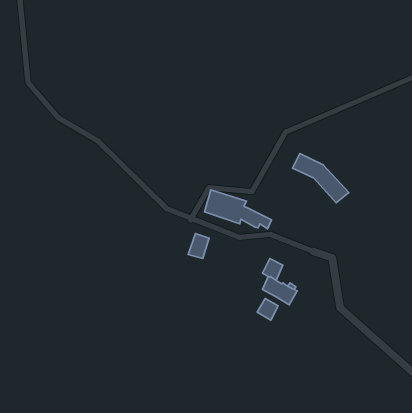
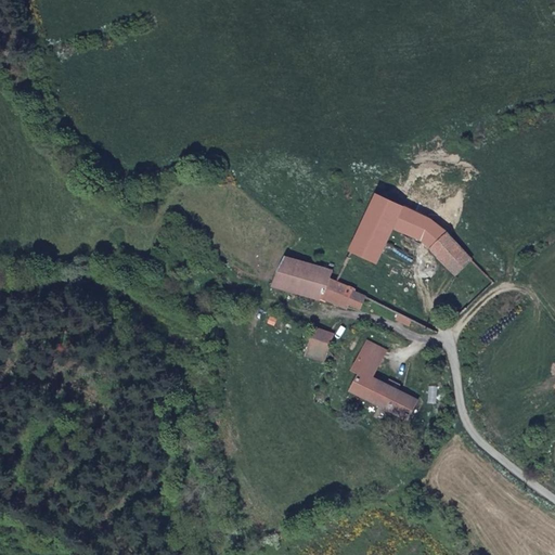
building: none -> [349,194,402,262]
building: [188,233,209,258] -> [302,326,331,360]
building: [257,299,278,320] -> [388,390,416,420]

